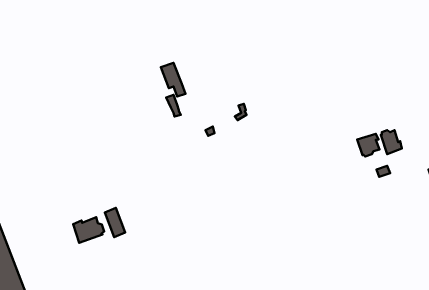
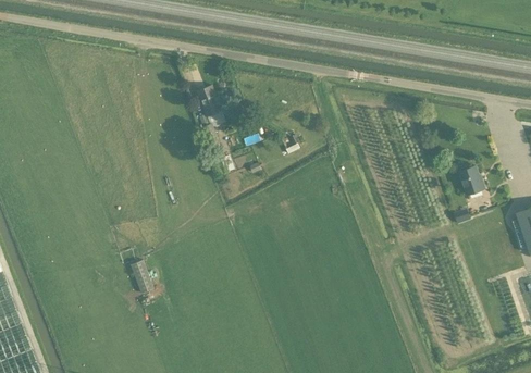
building: [357,134,380,156] -> none
building: [73,217,104,243] -> none

